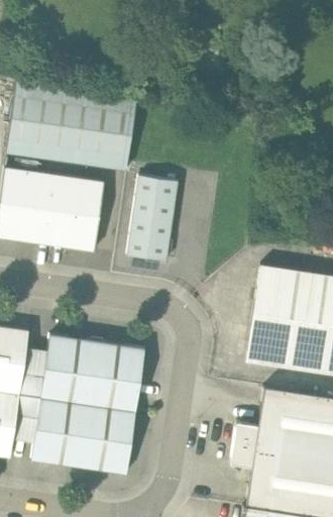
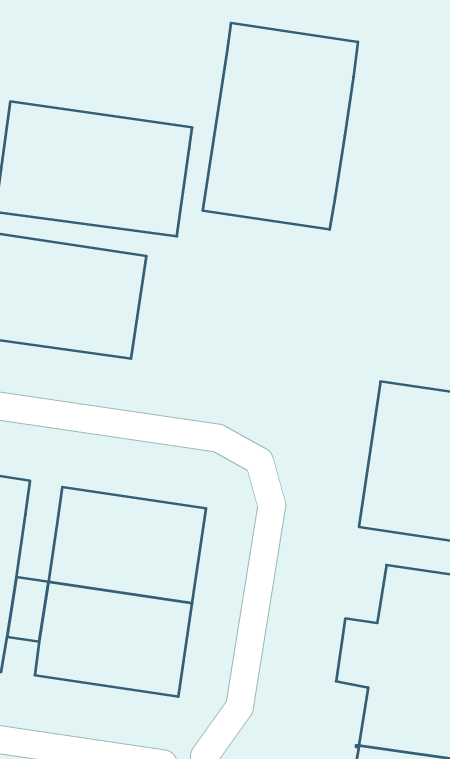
building: none -> [203,23,358,230]
building: [126,176,178,262] -> none
building: [19,353,46,398] -> none

